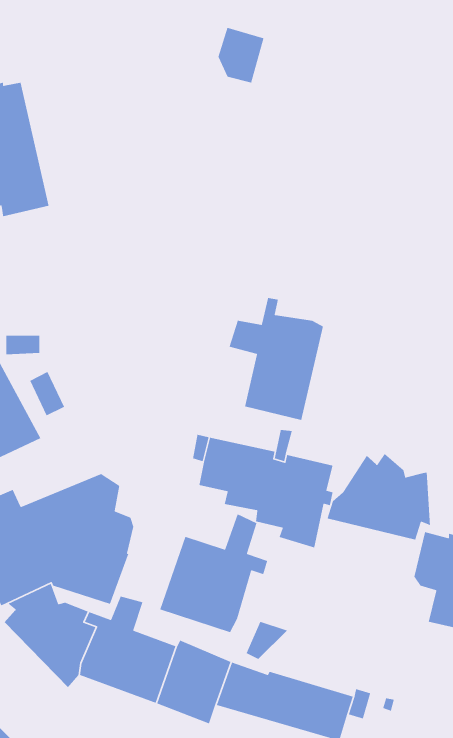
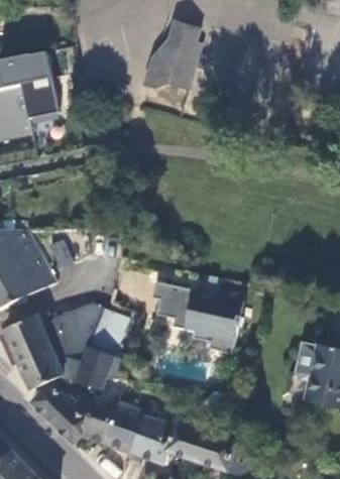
building: none -> [142,37,196,88]
building: [228,297,324,421] -> none
building: [326,453,431,541] -> none
building: [159,513,268,633] -> none

